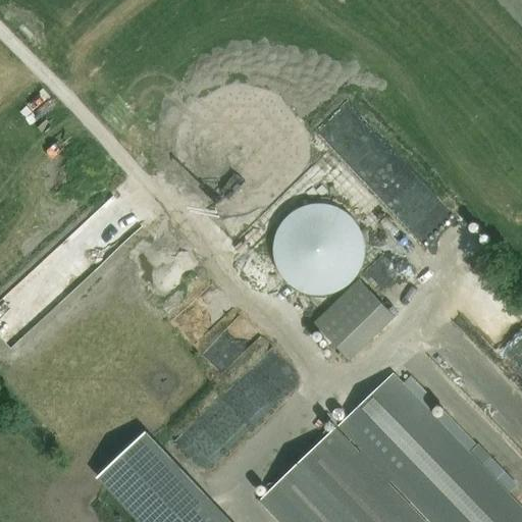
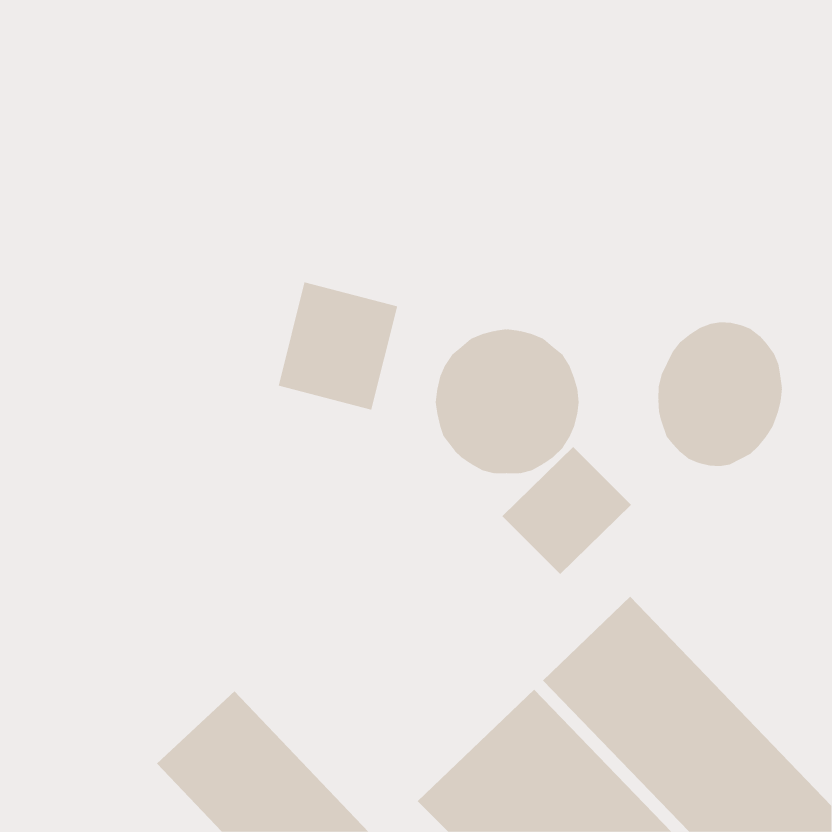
building: none -> [278,282,398,411]
building: none -> [658,322,782,467]

